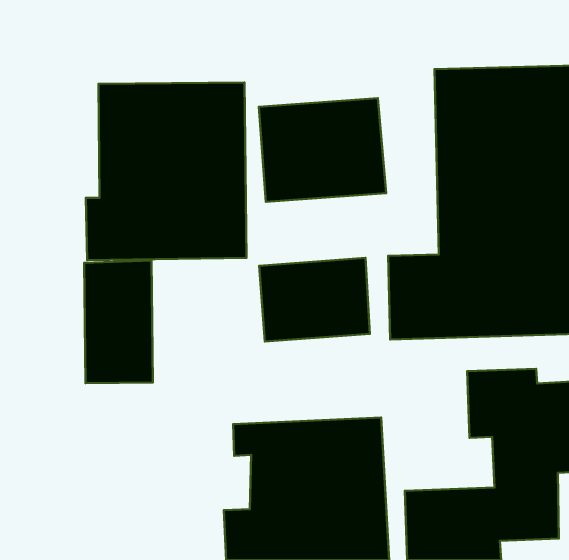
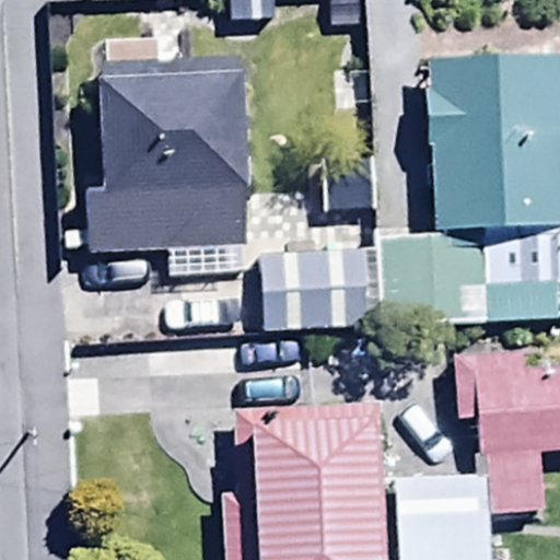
building: [259,98,386,202] -> none
building: [84,261,153,383] -> none

